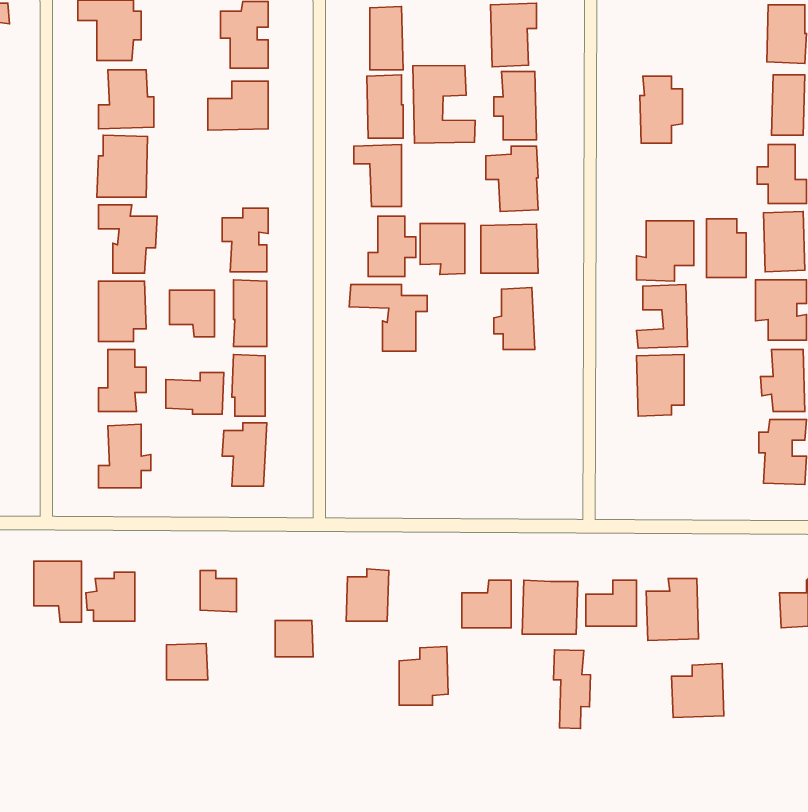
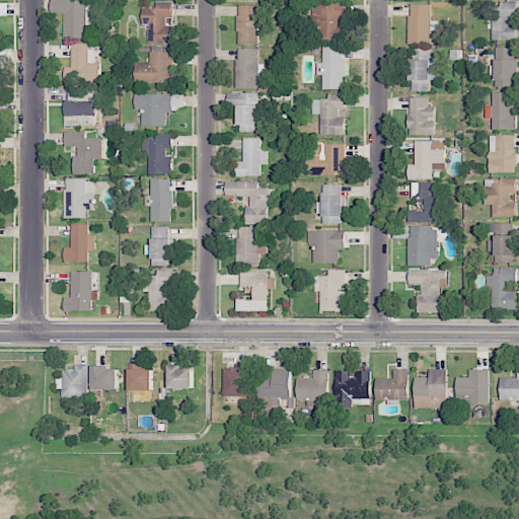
building: none -> [406,4,435,44]
building: [413,65,475,143] -> none
building: none -> [133,93,171,127]
building: [707,219,746,277] -> [407,97,433,135]
building: [420,223,465,274] -> none
building: [170,290,215,337] -> none
building: none -> [235,226,264,267]
building: none -> [307,230,343,264]
building: [166,372,224,414] -> none
building: none -> [407,269,444,313]
building: none -> [313,270,344,311]
building: none -> [235,271,273,311]
building: [34,561,82,622] -> none
building: [275,620,313,657] -> [167,366,192,389]
building: [167,643,208,680] -> [91,366,118,389]
building: [399,646,448,705] -> [257,368,289,405]
building: [554,650,591,728] -> none
building: [671,663,724,717] -> [454,369,488,403]

